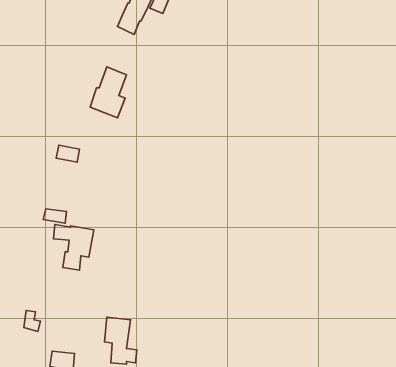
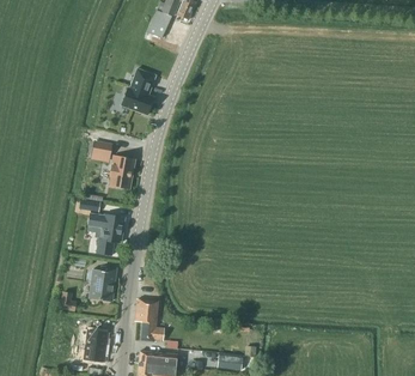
building: none -> [109,154,135,189]
building: none -> [87,266,115,301]

